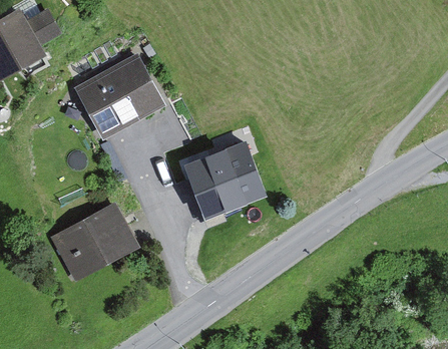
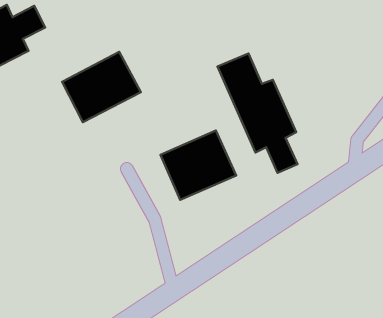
building: none -> [218,54,297,173]
building: [53,206,138,279] -> none

